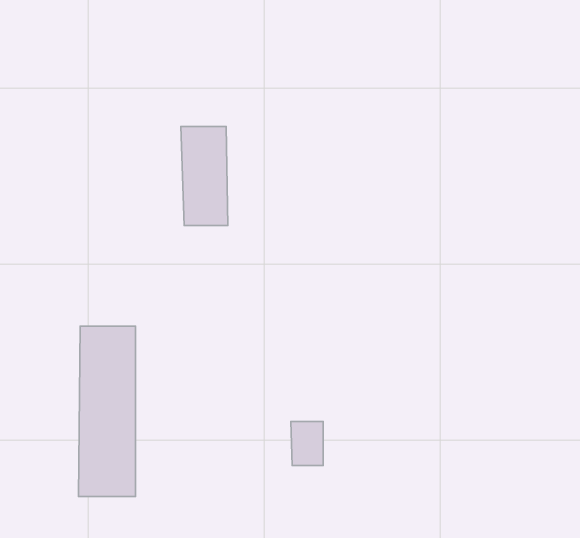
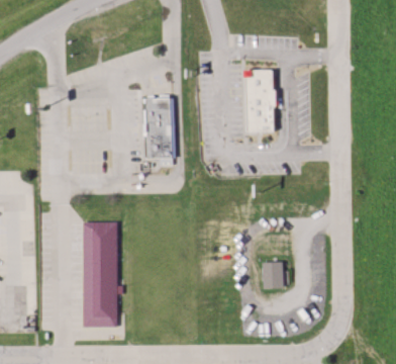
building: none -> [246,71,276,132]
building: [291,422,323,465] -> [263,262,283,289]

